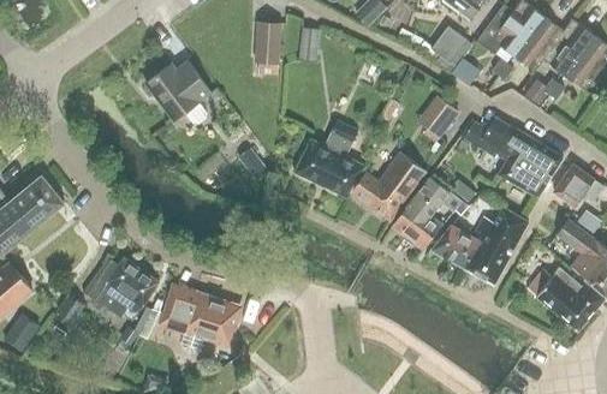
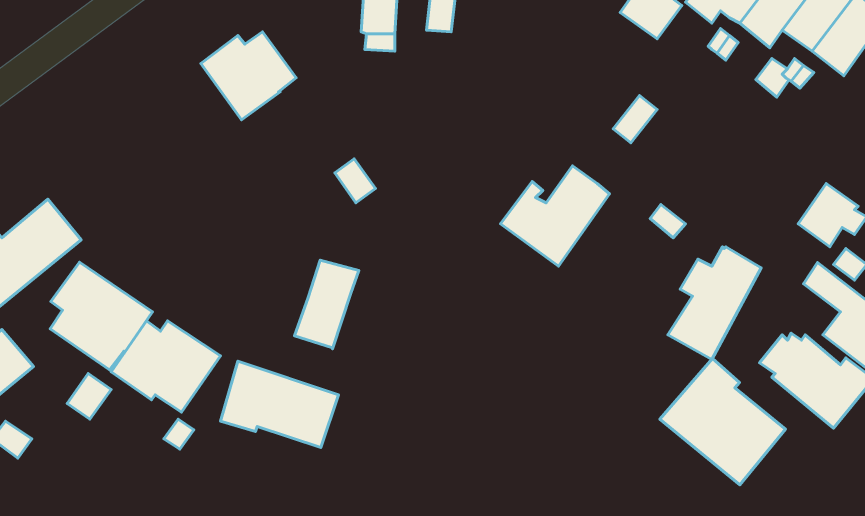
building: [463,115,563,197] -> none
building: [294,119,364,196] -> none
building: [393,175,460,246] -> none
building: none -> [295,260,359,349]
building: none -> [50,262,152,370]
building: [430,223,481,267] -> none
building: none -> [660,358,785,485]

